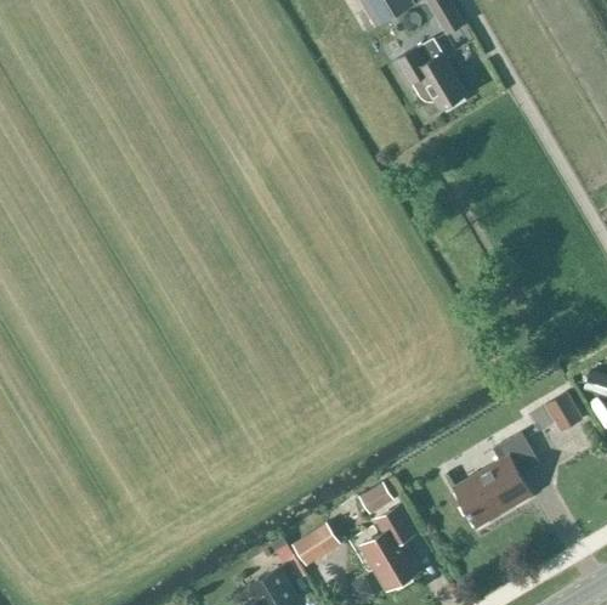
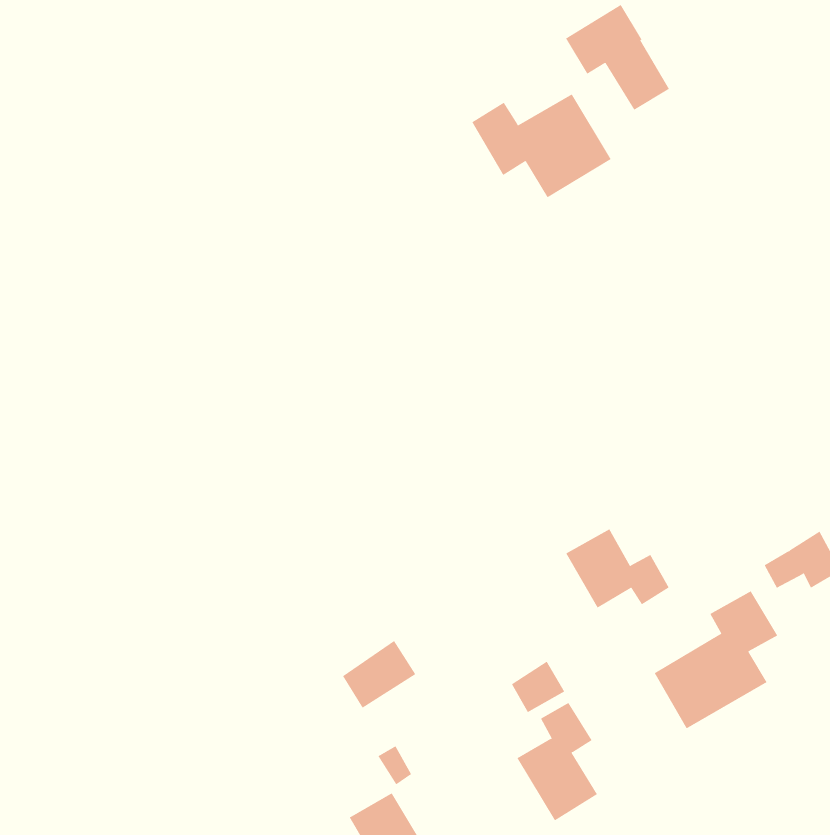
building: none -> [471,93,612,198]
building: none -> [565,529,670,609]
building: [290,522,340,569] -> [342,640,416,709]

